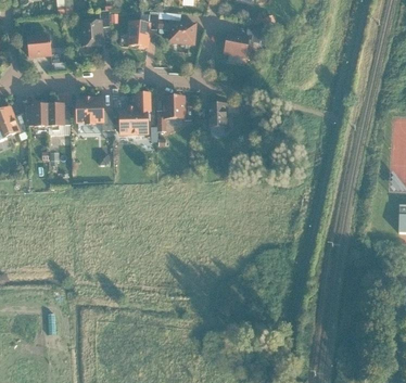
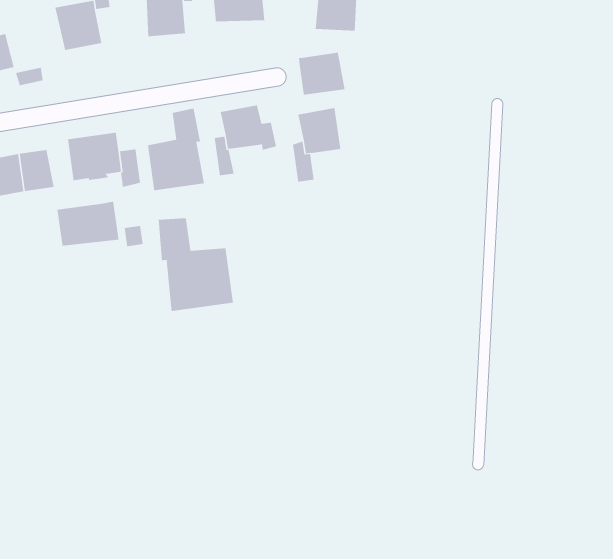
building: none -> [298,52,345,96]
building: none -> [57,201,119,247]
building: none -> [158,218,233,312]

